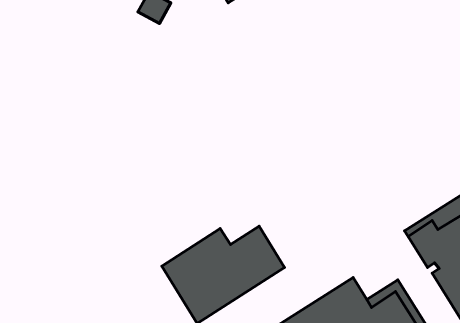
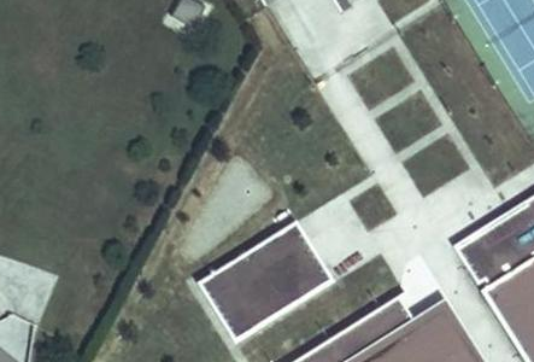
building: none -> [260,220,335,284]

